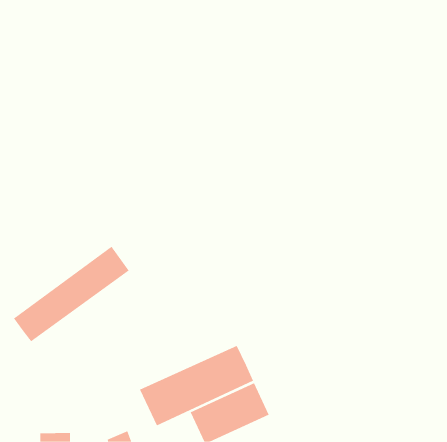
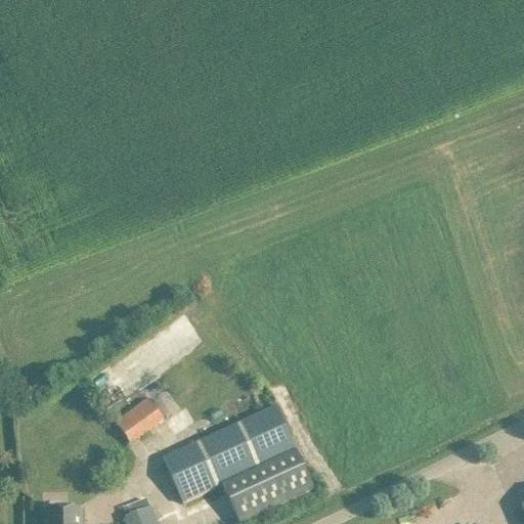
building: [13,246,129,342] -> none
building: none -> [116,395,164,440]

